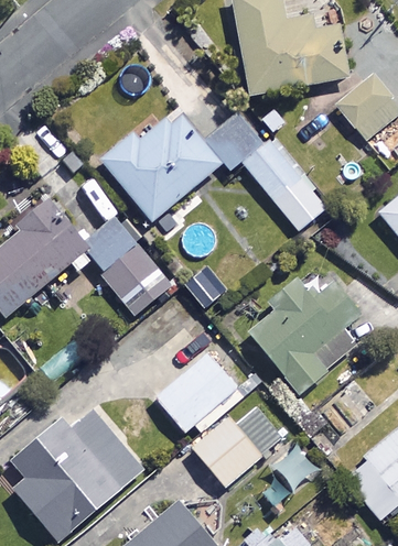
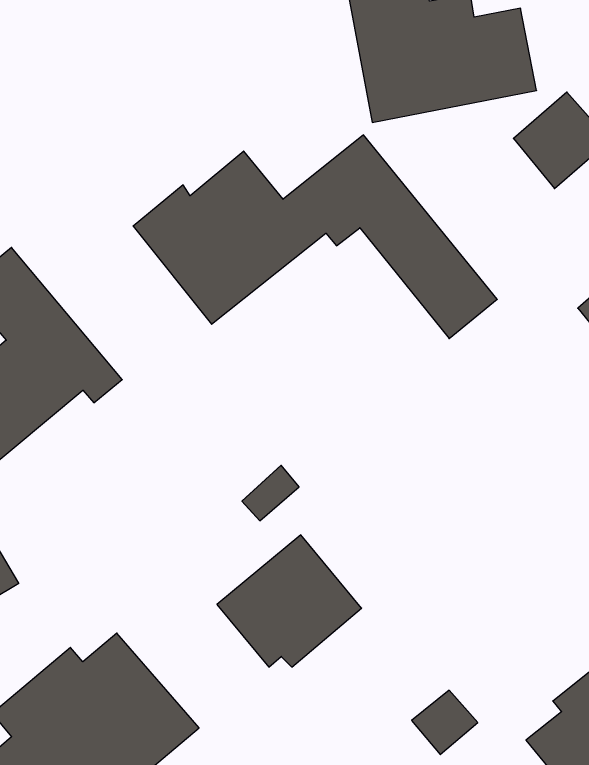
building: [87,218,171,315] -> none
building: [247,281,361,393] -> none
building: [192,404,284,485] -> none

